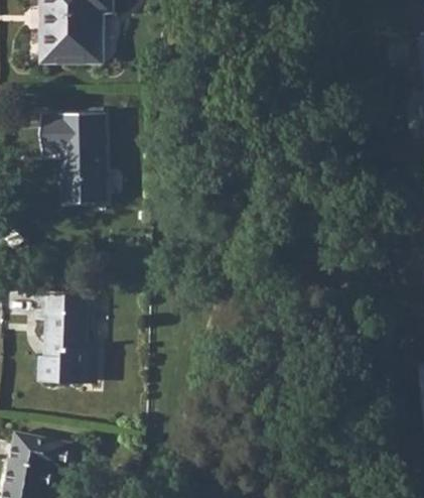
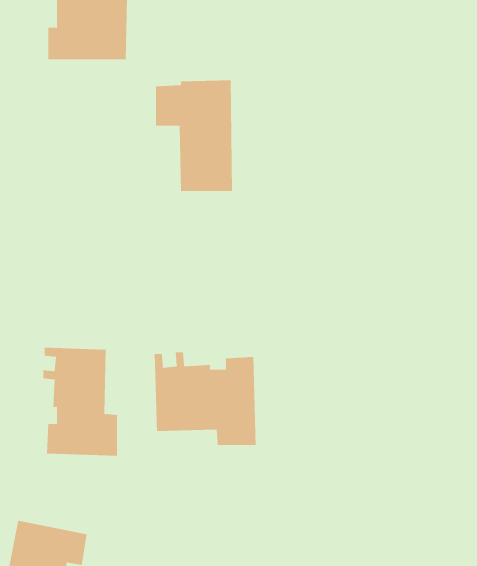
building: [41,112,104,202] -> [155,80,233,191]
building: none -> [154,352,256,446]

